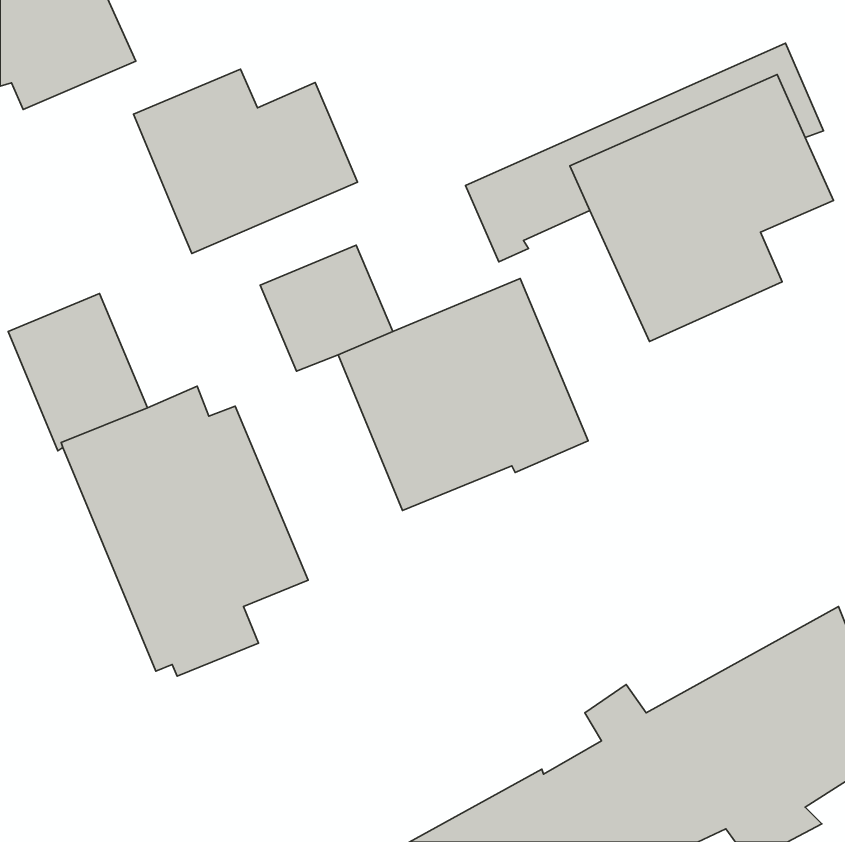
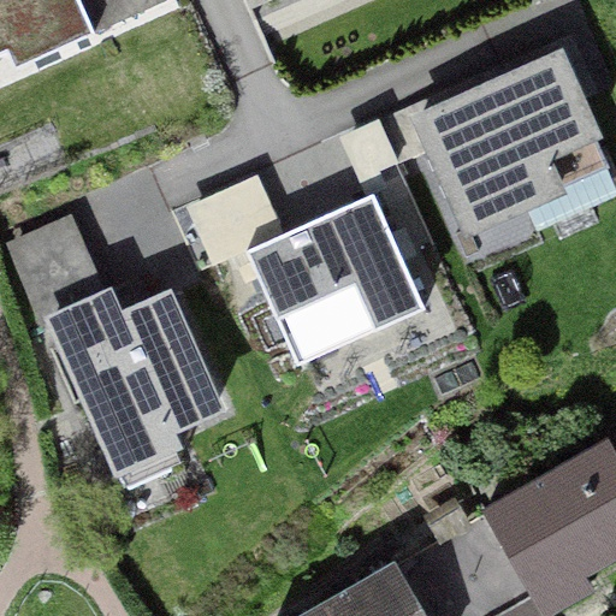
building: [134,69,357,253] -> none

